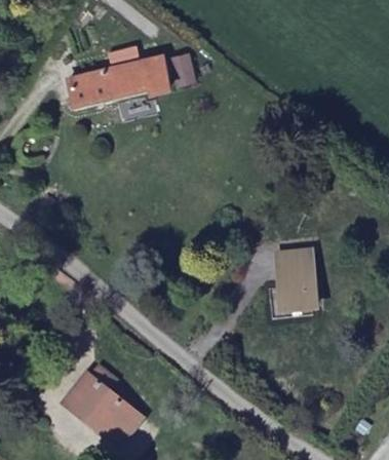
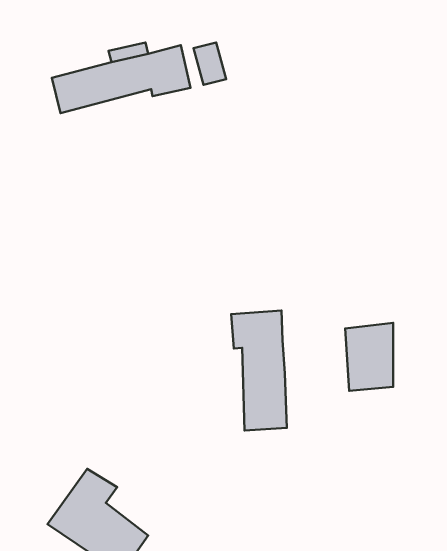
building: none -> [231,311,287,431]

